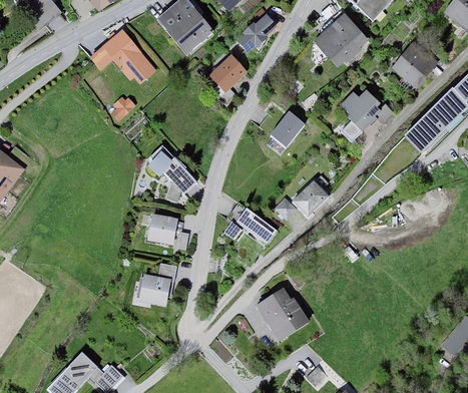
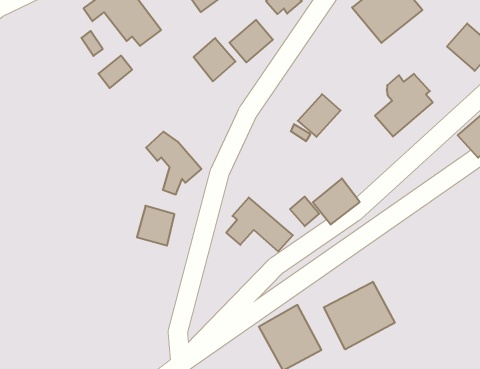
building: none -> [194,38,236,81]
building: none -> [324,282,395,349]
building: [138,273,172,305] -> none

